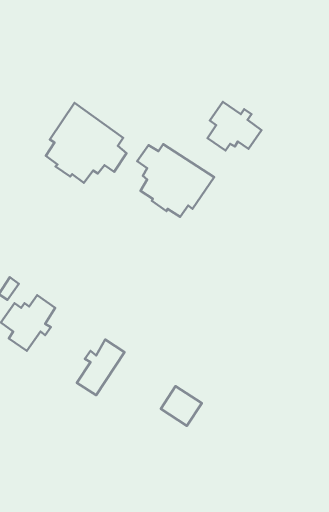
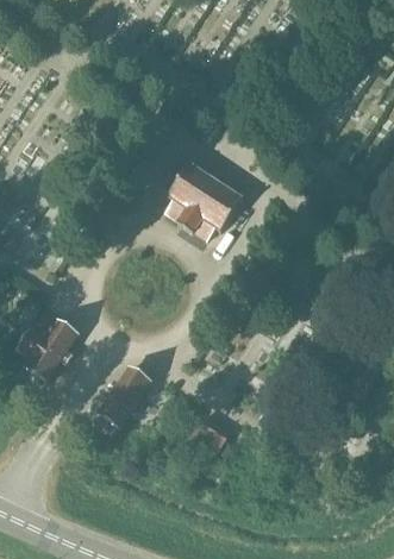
building: [207,102,261,151] -> none
building: [46,103,127,183] -> none

